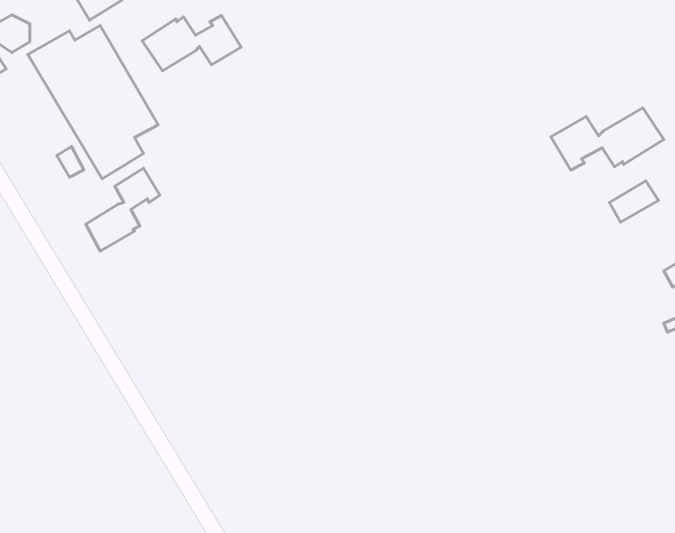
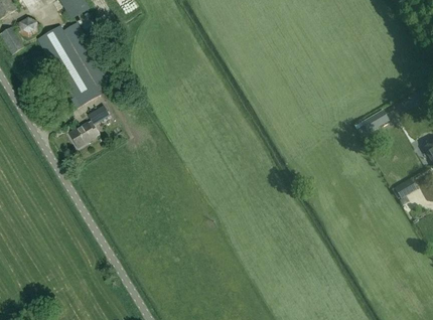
building: [142,15,241,71] -> none
building: [551,108,664,170] -> none

